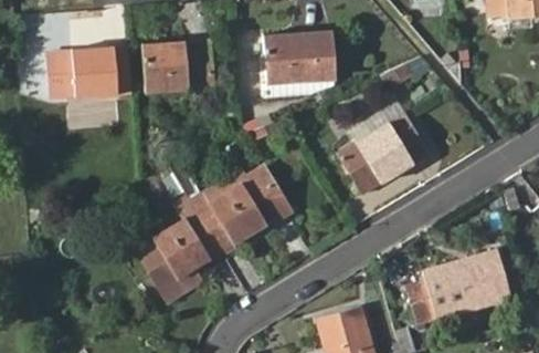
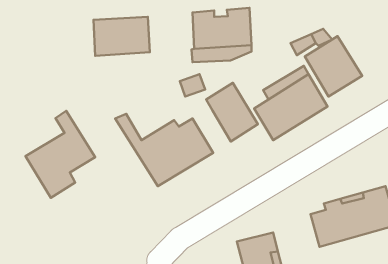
building: [46,48,131,98] -> none
building: none -> [305,36,362,97]
building: none -> [206,83,258,141]
building: [136,194,221,300] -> [25,111,95,198]

